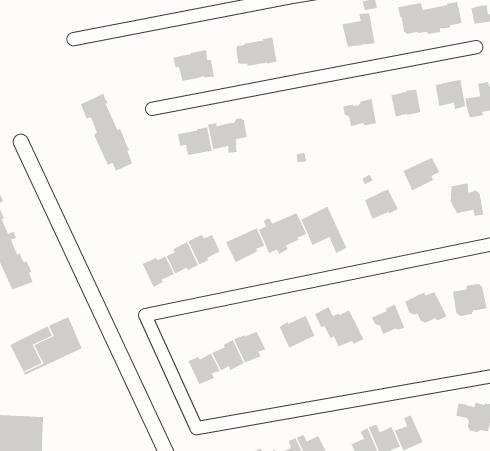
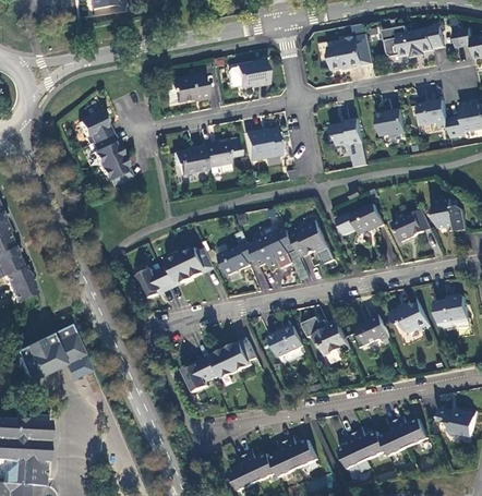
building: none -> [242,128,279,160]
building: [403,157,440,191] -> [391,208,427,241]
building: none -> [395,415,426,446]

